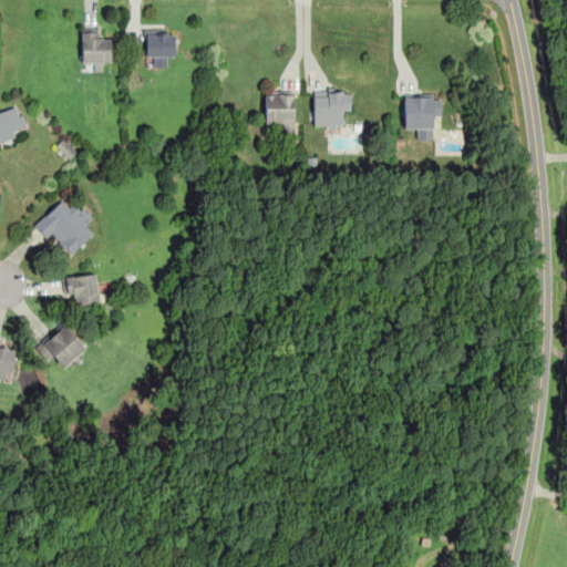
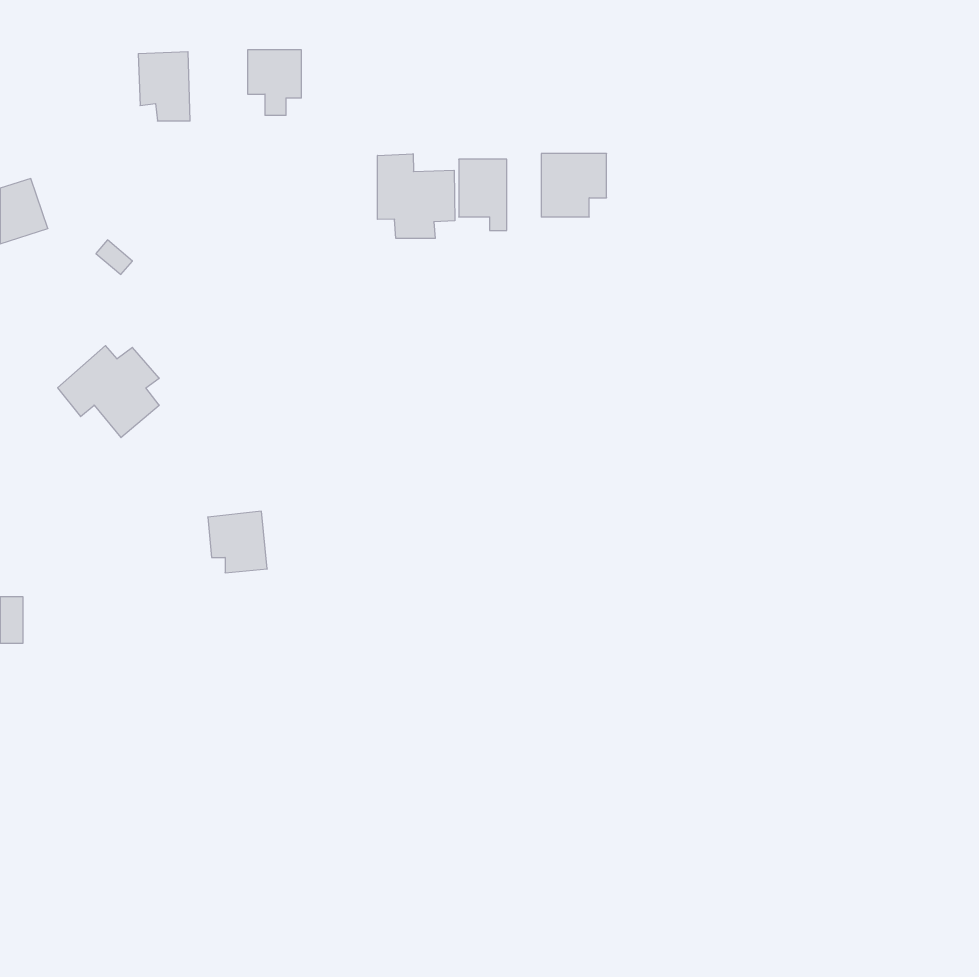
building: none -> [377,154,455,238]
building: [403,96,441,142] -> none
building: [65,274,100,309] -> [208,511,267,573]
building: [35,322,89,367] -> none

